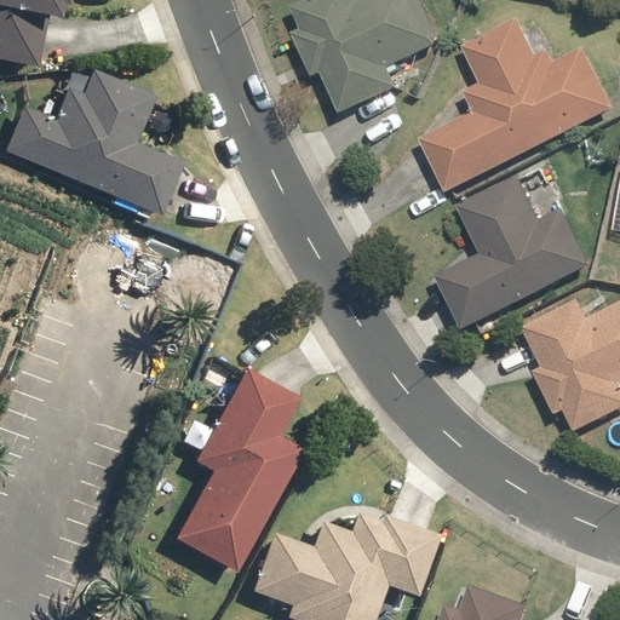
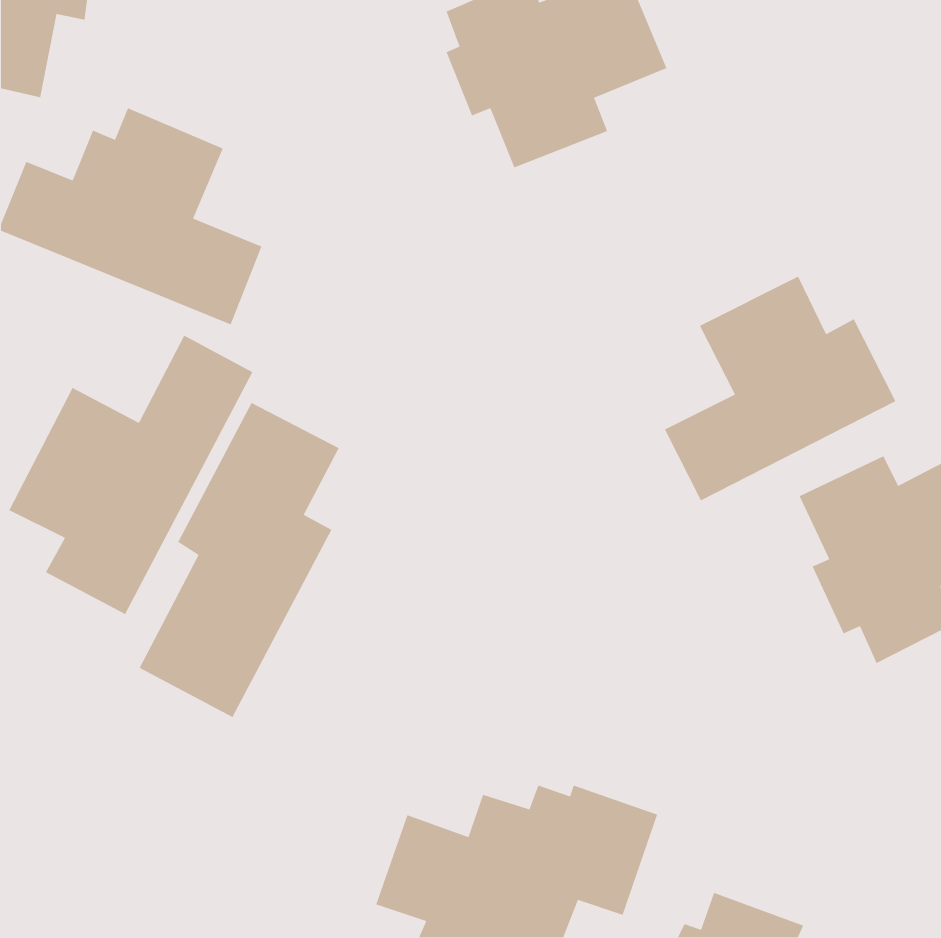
building: [421,17,614,191] -> none
building: none -> [8,335,253,615]
building: [167,367,299,574] -> [138,402,340,718]

